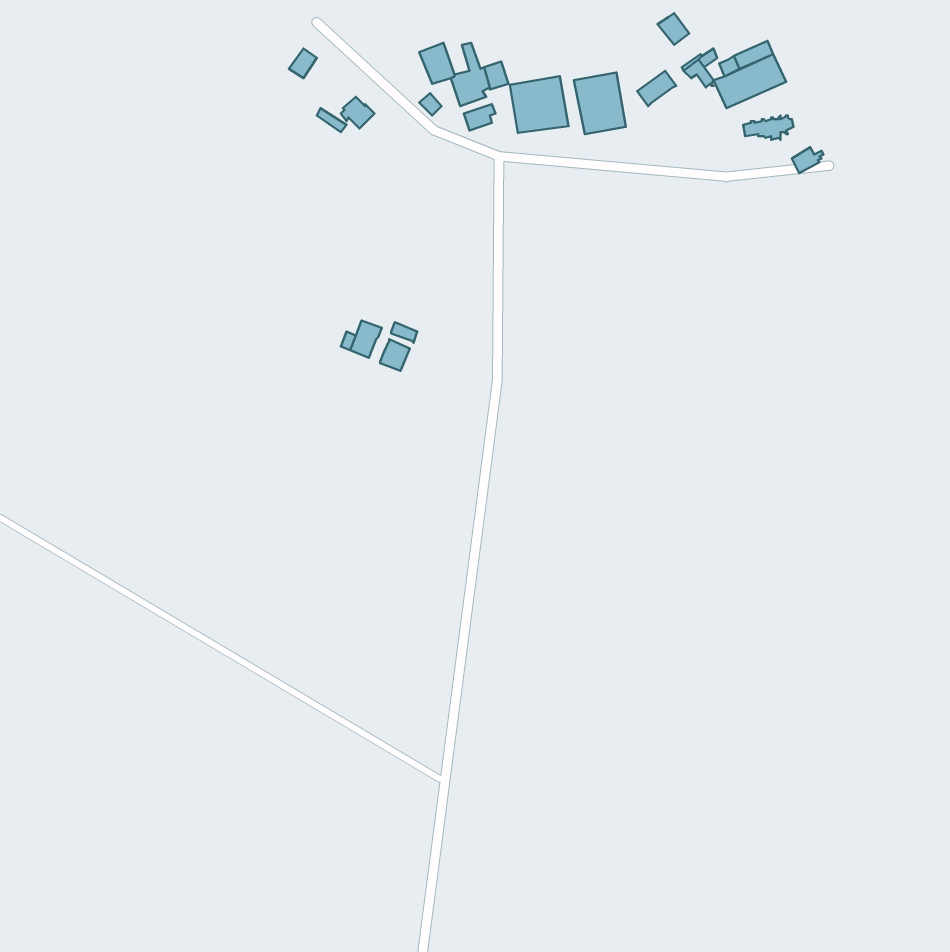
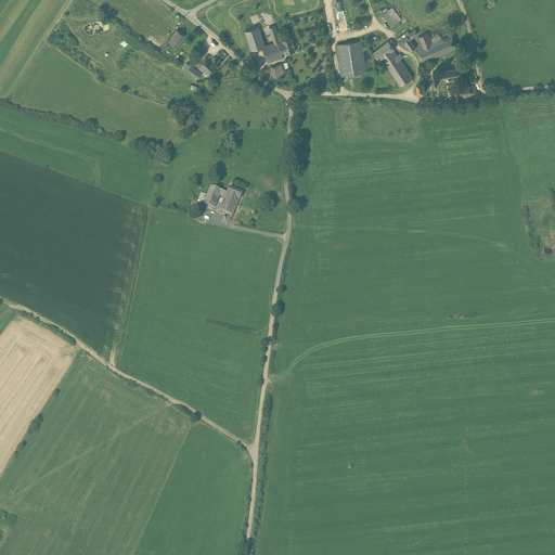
building: [510,76,568,133] -> none
building: none -> [380,51,412,87]

